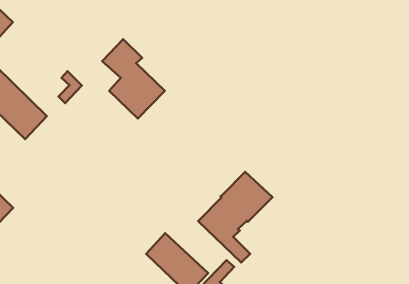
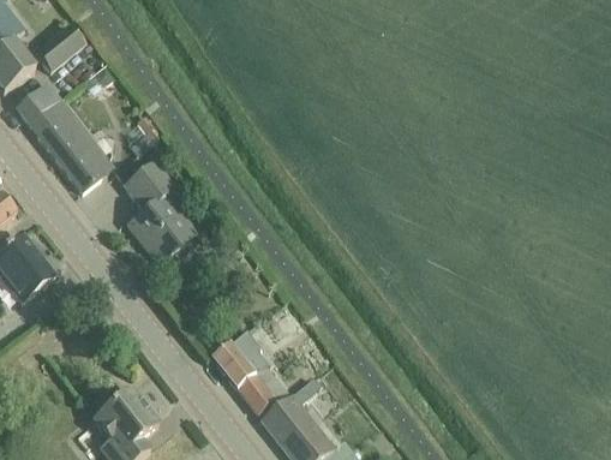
building: [102,39,165,119] -> [124,162,197,264]
building: [198,172,272,262] -> none

